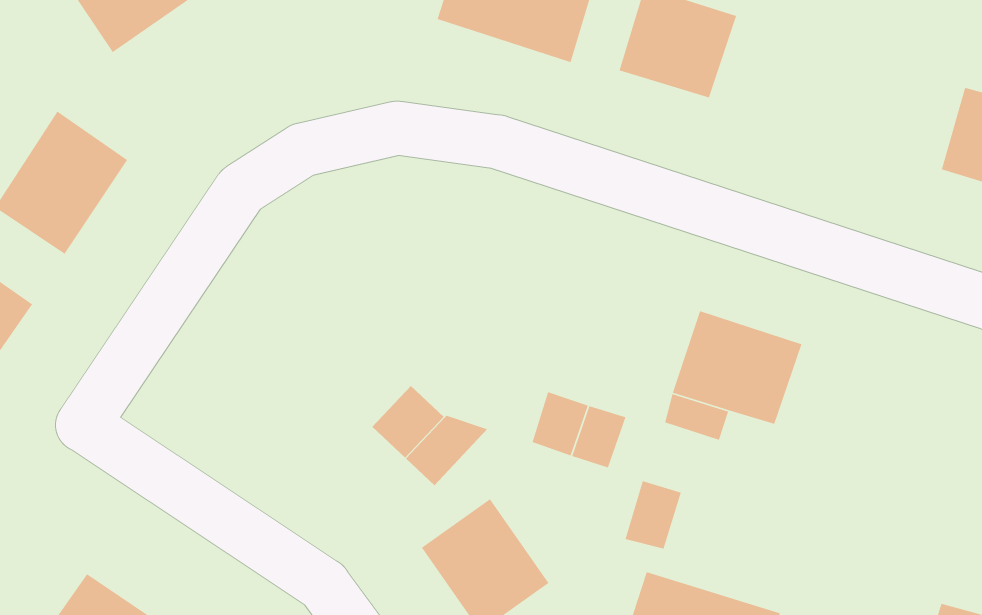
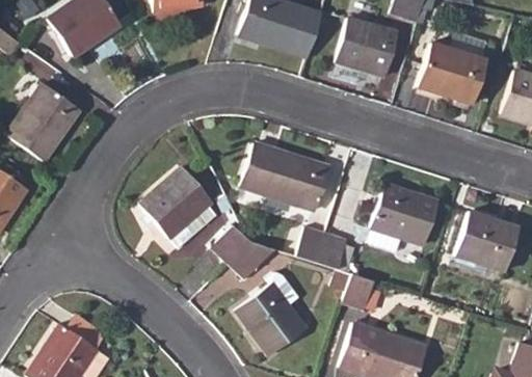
building: none -> [422,42,490,104]
building: none -> [235,146,326,213]
building: none -> [139,167,211,236]
building: none -> [453,213,516,272]

